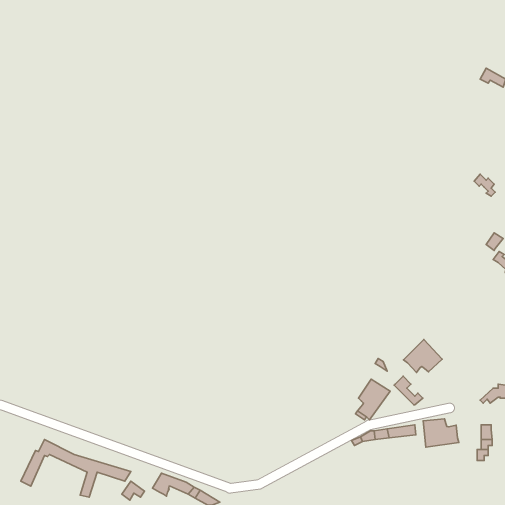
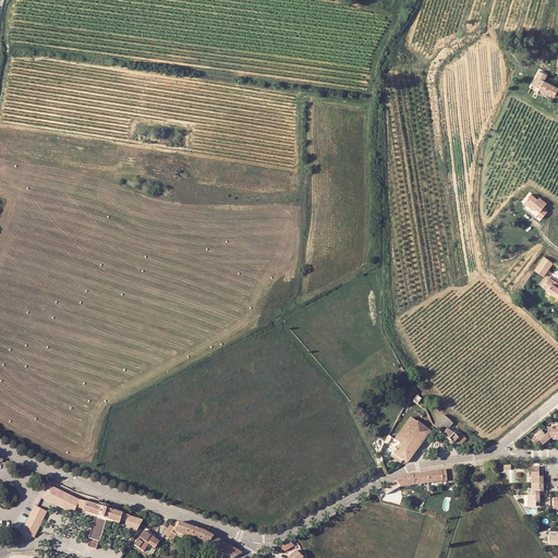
building: [403,339,442,372] -> none
building: [423,419,459,447] -> none

